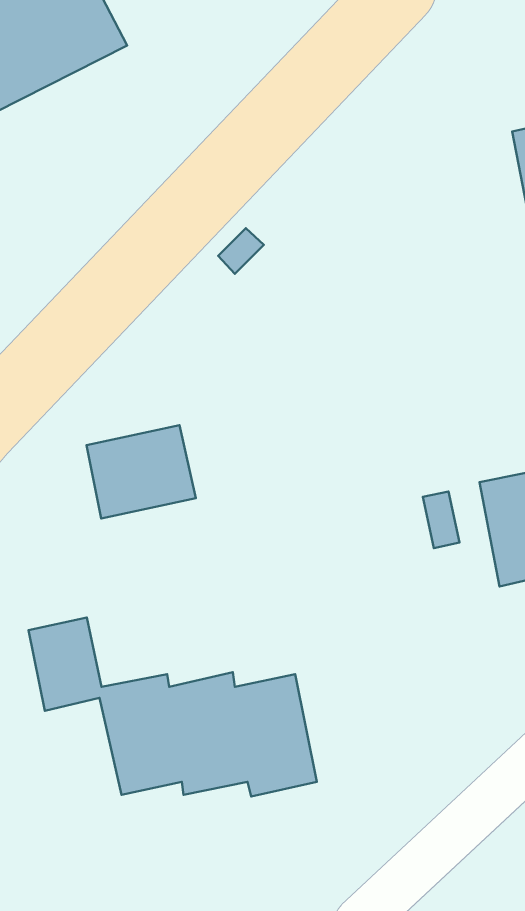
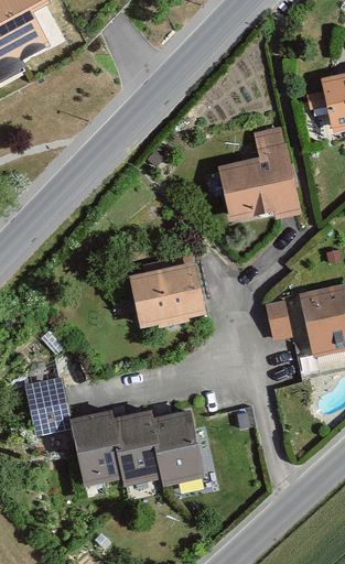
building: none -> [218,127,300,223]
building: [86,425,196,518] -> [136,264,202,321]

